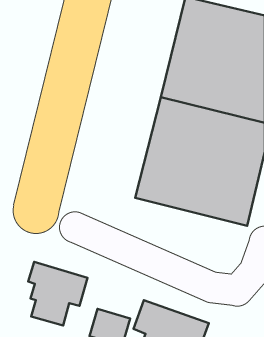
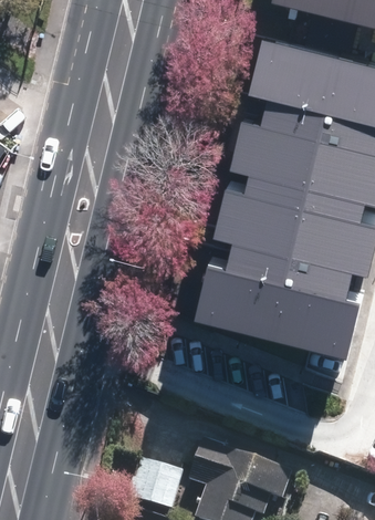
building: [28,262,88,325] -> none

